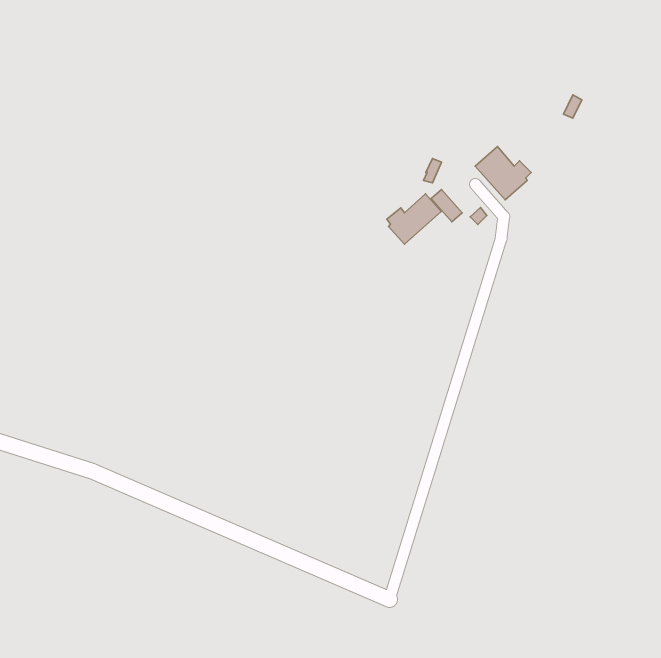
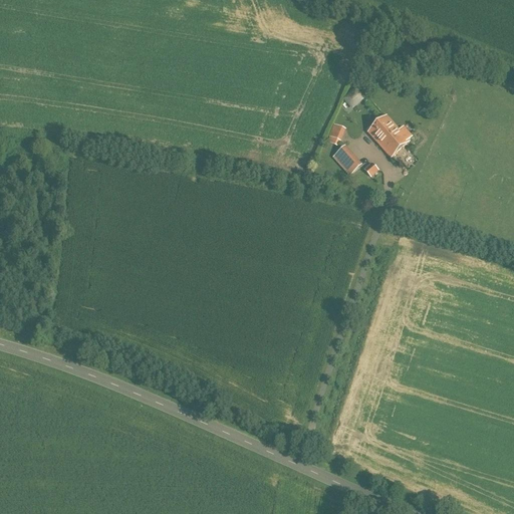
building: [387,194,441,244] -> none

